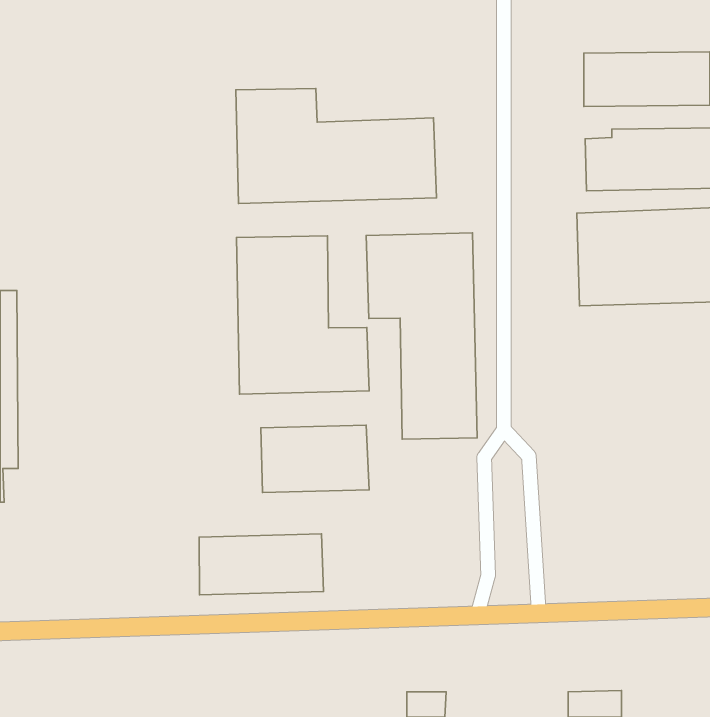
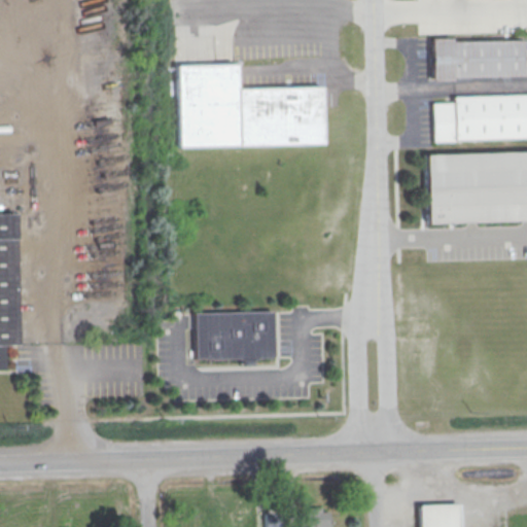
building: [366,233,477,439] -> none
building: [236,236,369,394] -> none
building: [199,534,323,595] -> none

